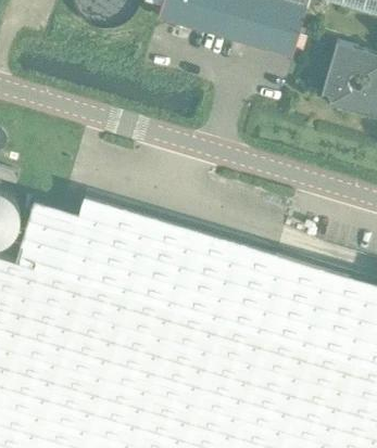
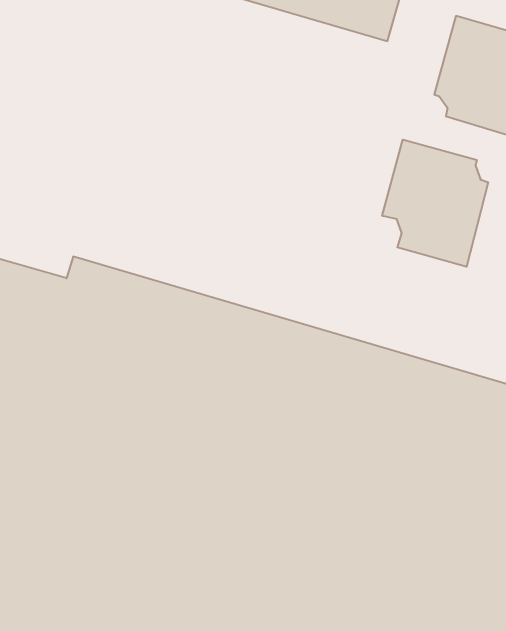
building: none -> [382,140,488,267]

